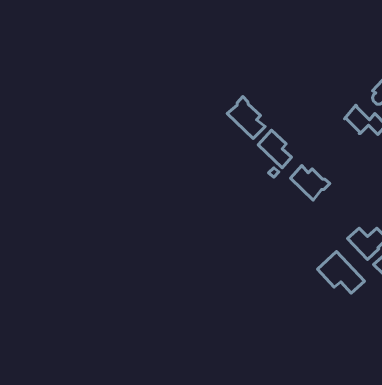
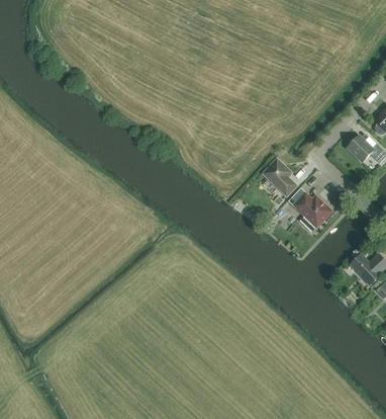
building: [227,96,265,138] -> none
building: [318,252,365,293] -> none

